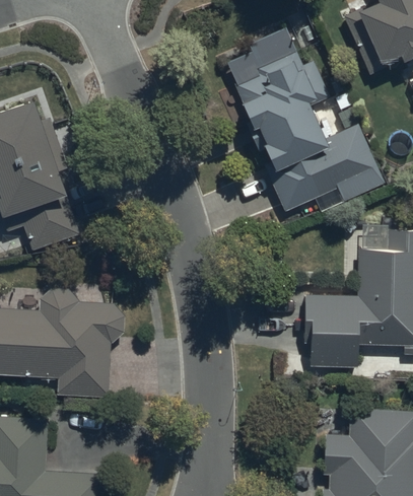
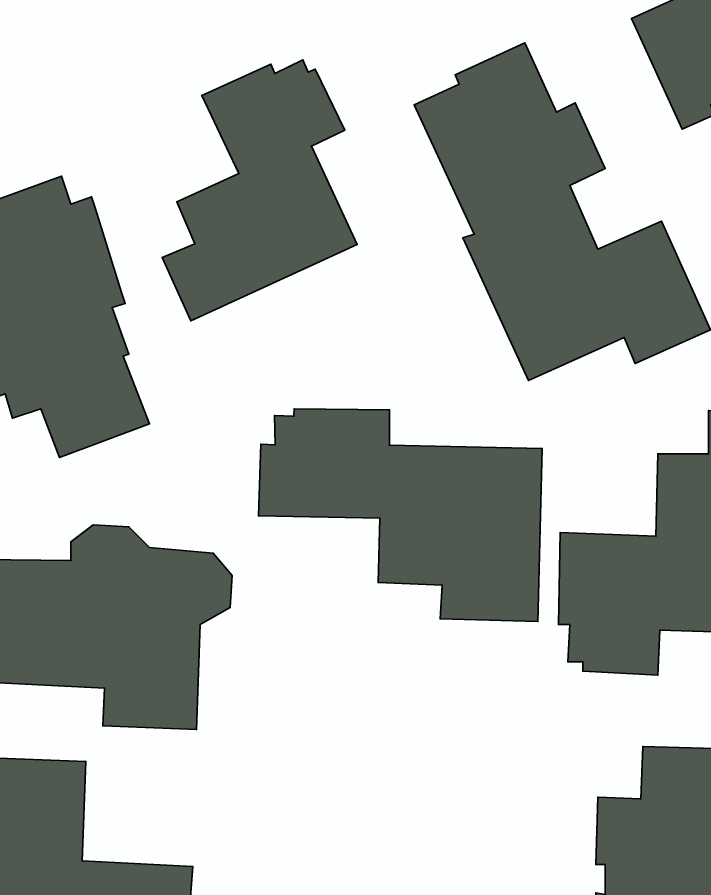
building: none -> [162,60,357,321]
building: none -> [258,409,542,621]

